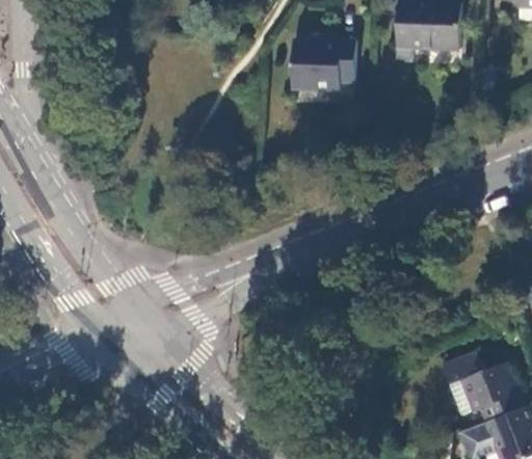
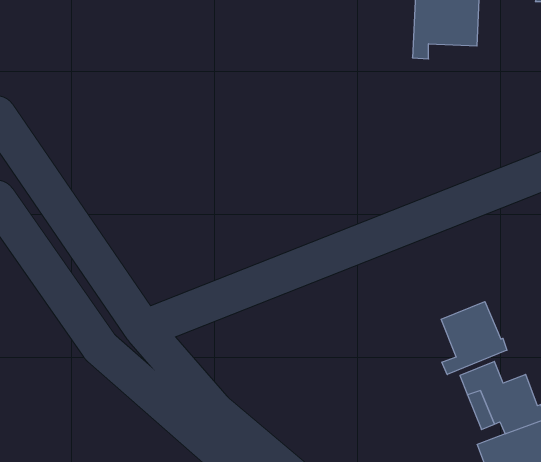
building: [291,39,356,88] -> none
building: none -> [441,302,507,375]

